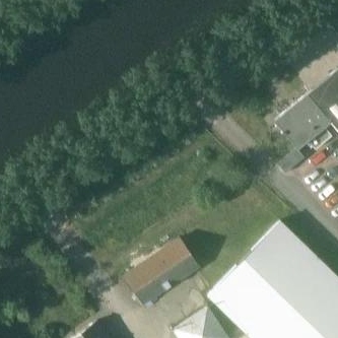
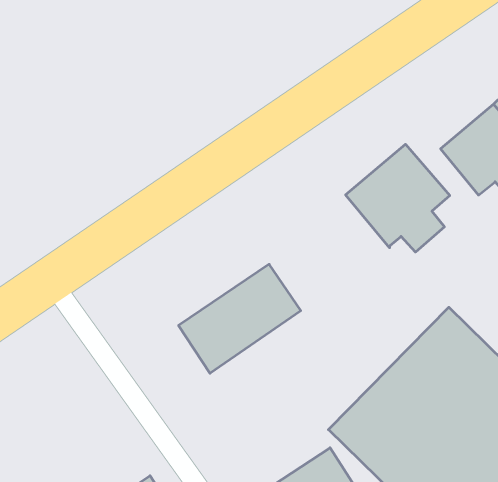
building: none -> [346,144,450,252]
building: [123,240,198,307] -> [179,264,301,373]

